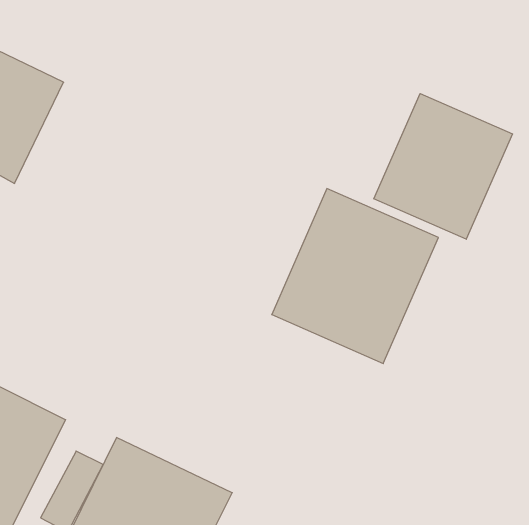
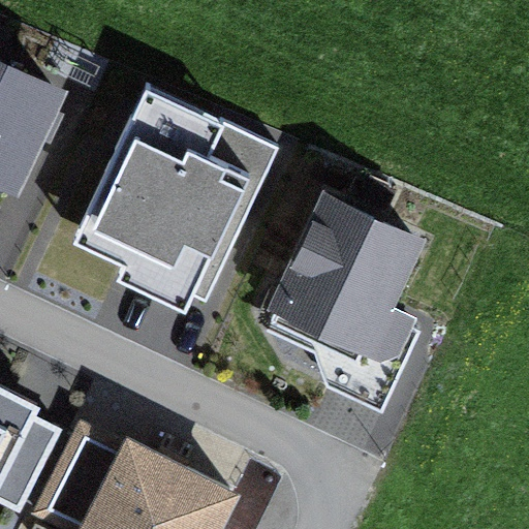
building: none -> [84,96,261,290]
building: [374,94,512,239] -> none

